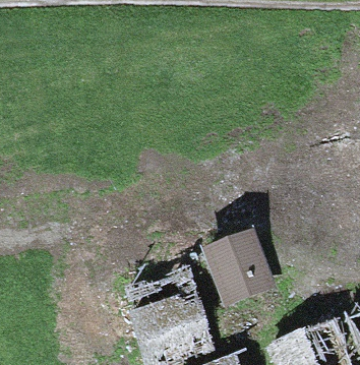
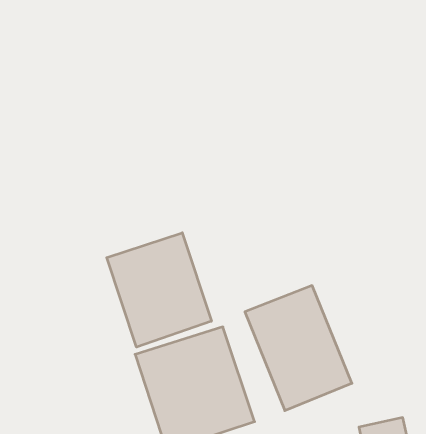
building: none -> [107,233,211,347]

